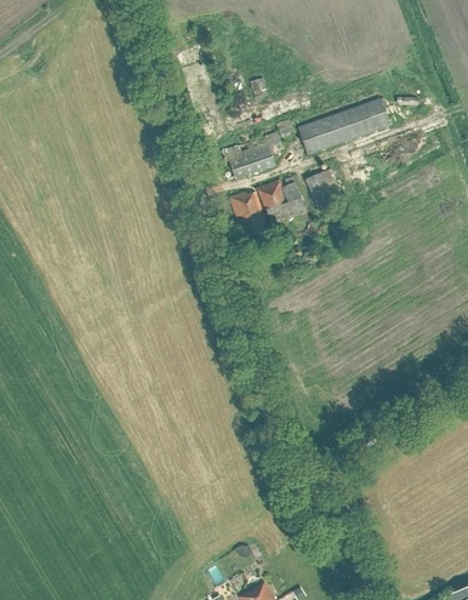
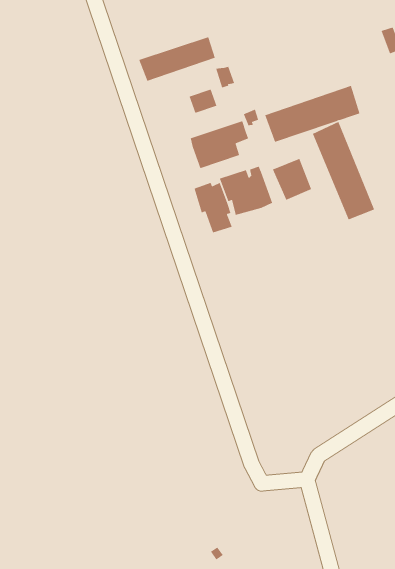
building: none -> [138,36,216,82]
building: none -> [312,121,375,221]

